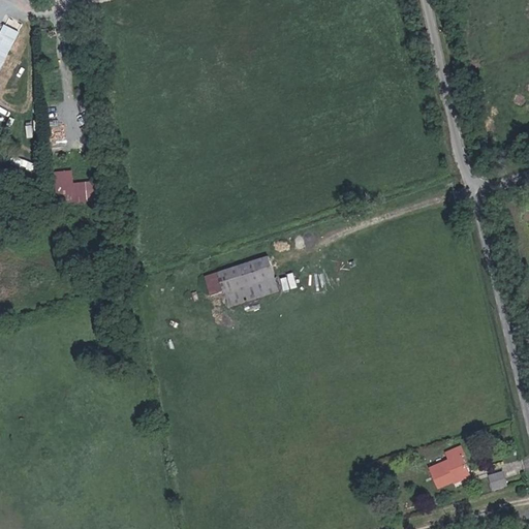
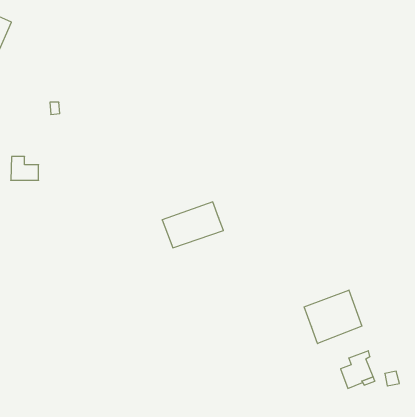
building: [52,168,87,198] -> [11,157,39,180]
building: none -> [304,290,362,344]

